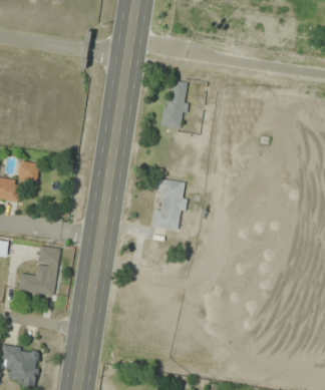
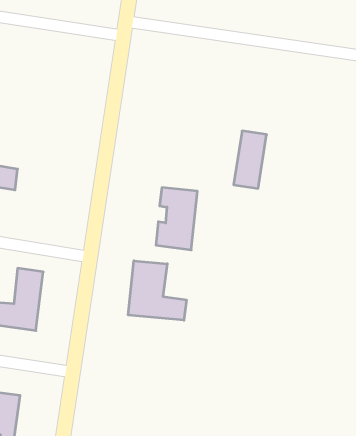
building: [161,81,189,128] -> [234,131,267,188]
building: none -> [128,261,186,320]

